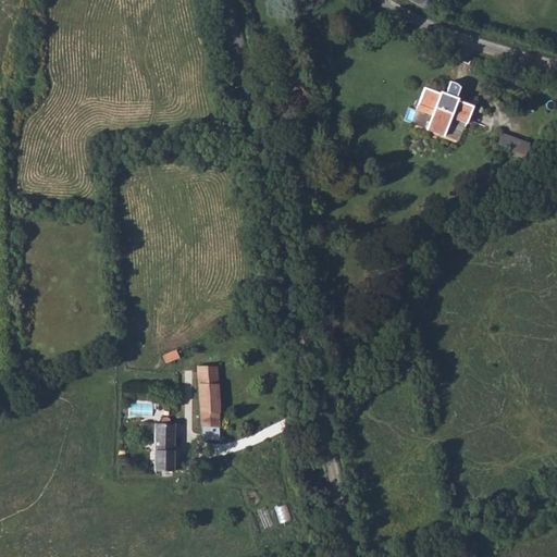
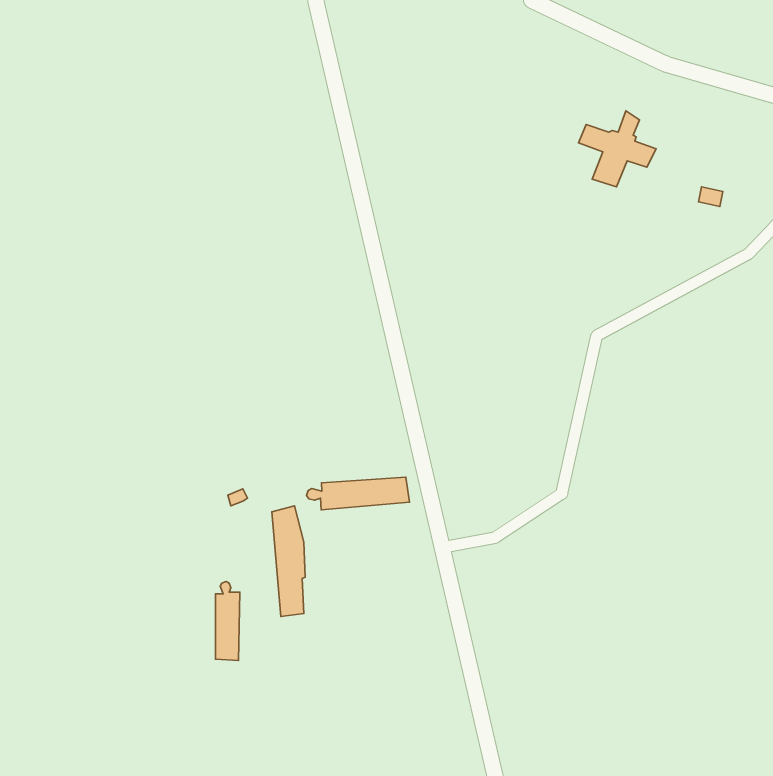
building: none -> [307,477,409,510]

